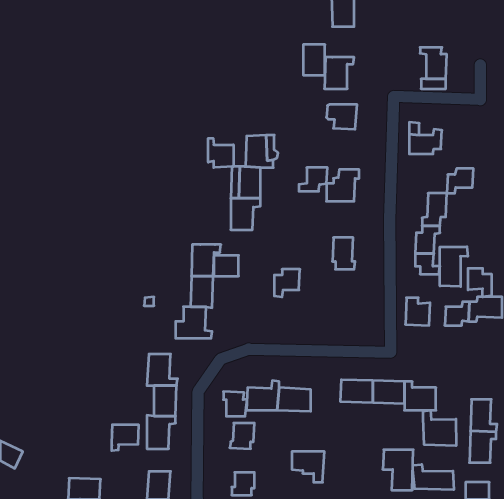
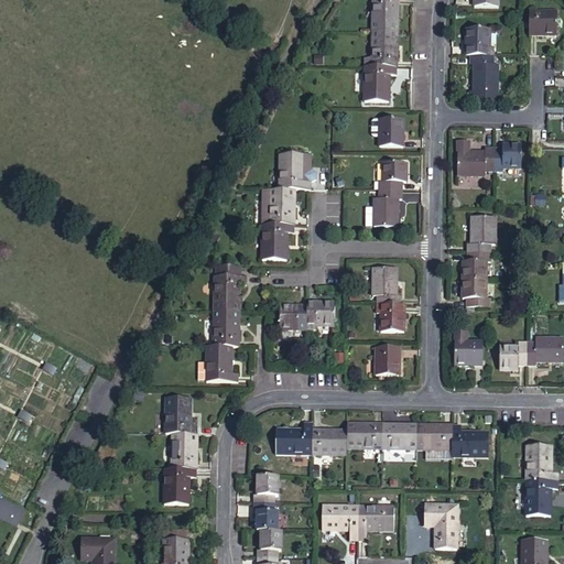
building: none -> [529,9,557,32]
building: none -> [465,24,494,53]
building: [303,45,325,75] -> [371,30,395,64]
building: [208,138,233,168] -> none
building: [299,168,327,191] -> [379,163,411,189]
building: [447,169,473,193] -> [492,139,522,166]
building: [440,247,468,287] -> none
building: [214,255,239,276] -> [279,307,306,330]
building: [468,268,491,297] -> none
building: none -> [373,301,403,328]
building: none -> [372,345,397,372]
building: none -> [347,423,381,448]
building: [223,392,247,416] -> [257,500,283,528]
building: [423,410,456,446] -> none
building: [112,425,138,451] -> none
building: none -> [360,505,395,539]
building: [413,464,454,490] -> none

